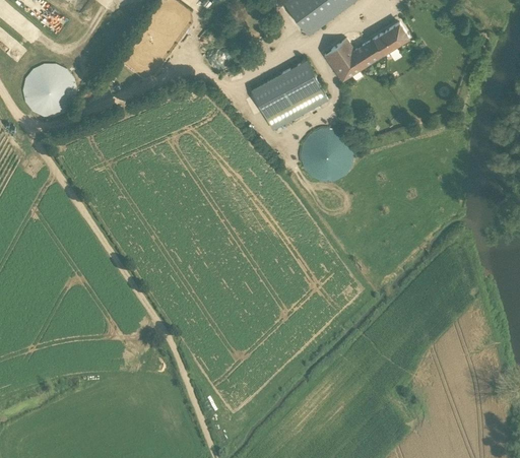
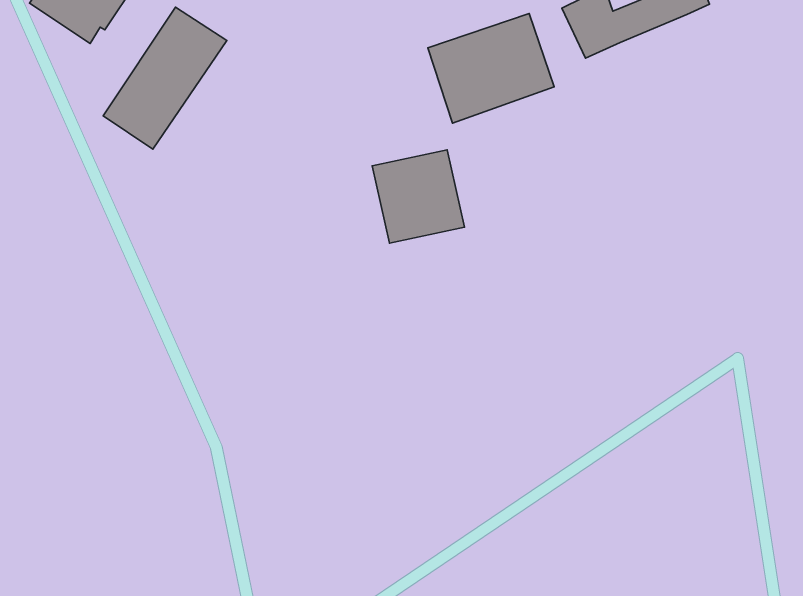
building: none -> [103,7,227,149]
building: [297,125,355,184] -> [372,150,465,243]

